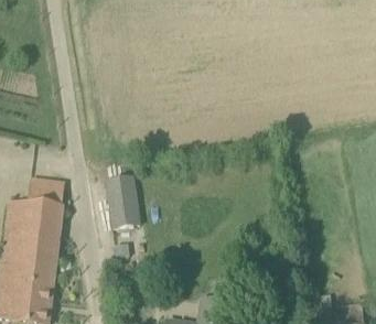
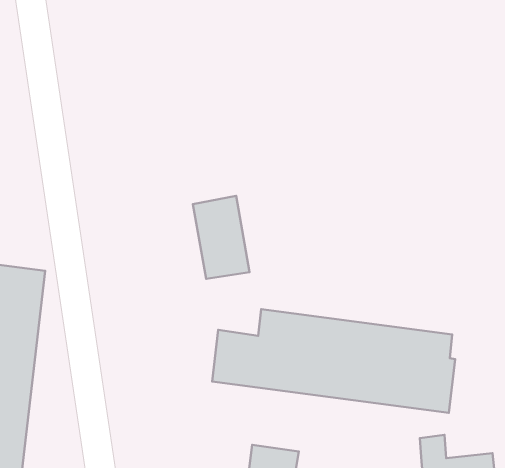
building: [106,173,143,228] -> [193,196,249,279]
building: none -> [212,309,455,413]

